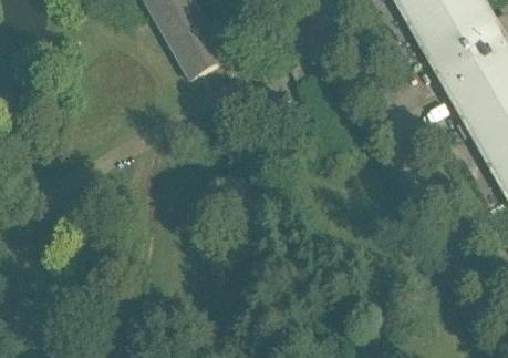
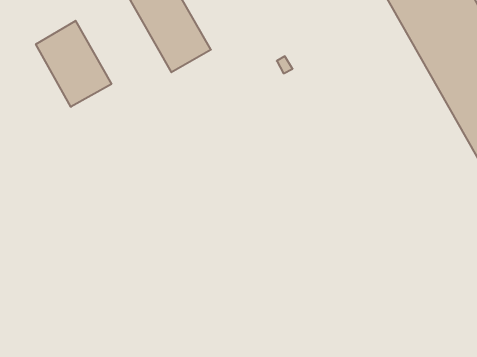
building: none -> [36,21,111,107]

